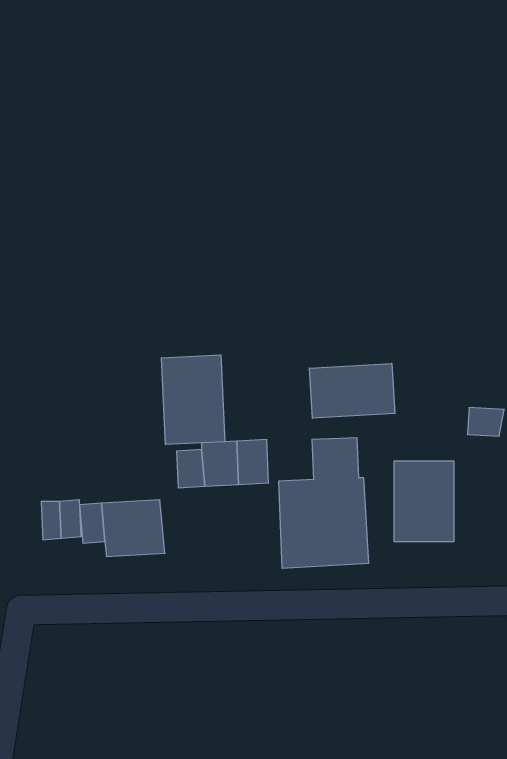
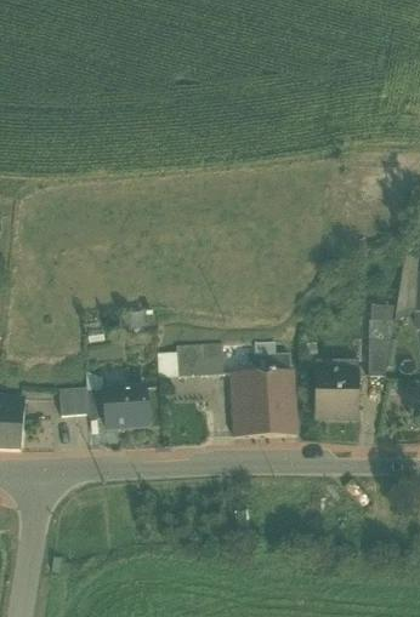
building: [162,355,225,445] -> none
building: [310,363,395,418] -> none
building: none -> [368,339,391,377]

